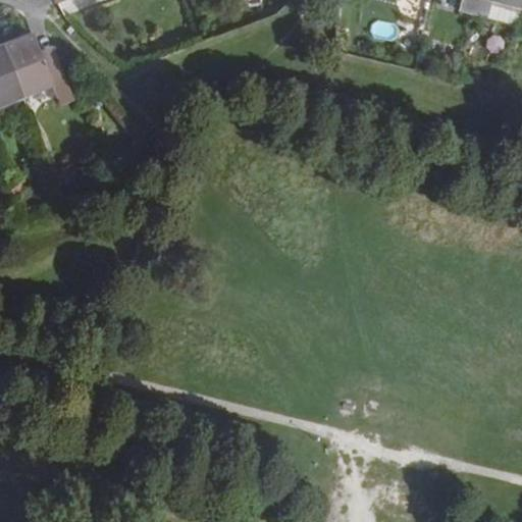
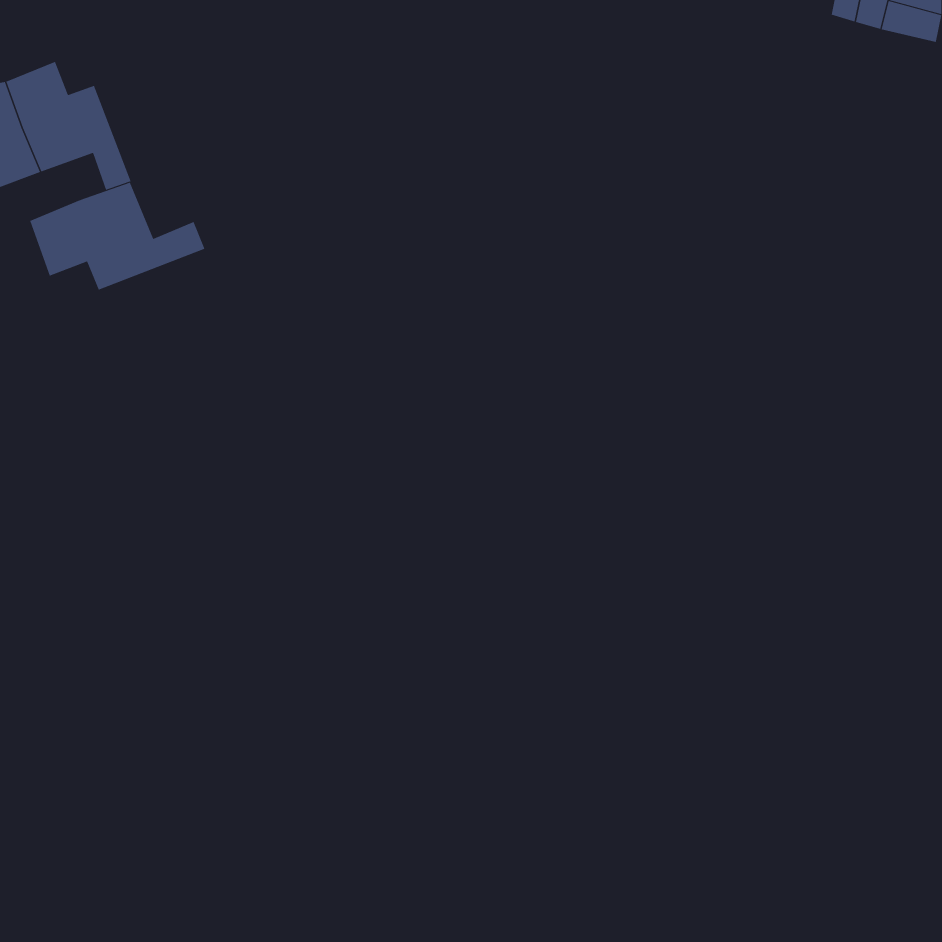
building: none -> [29,182,205,290]

